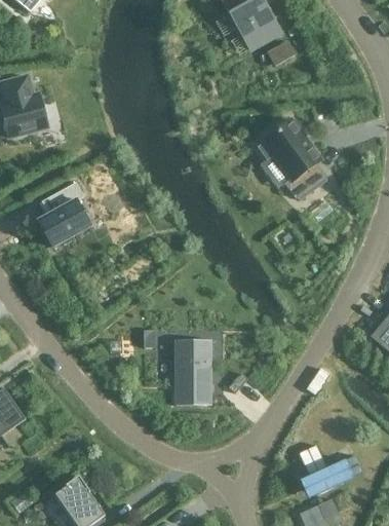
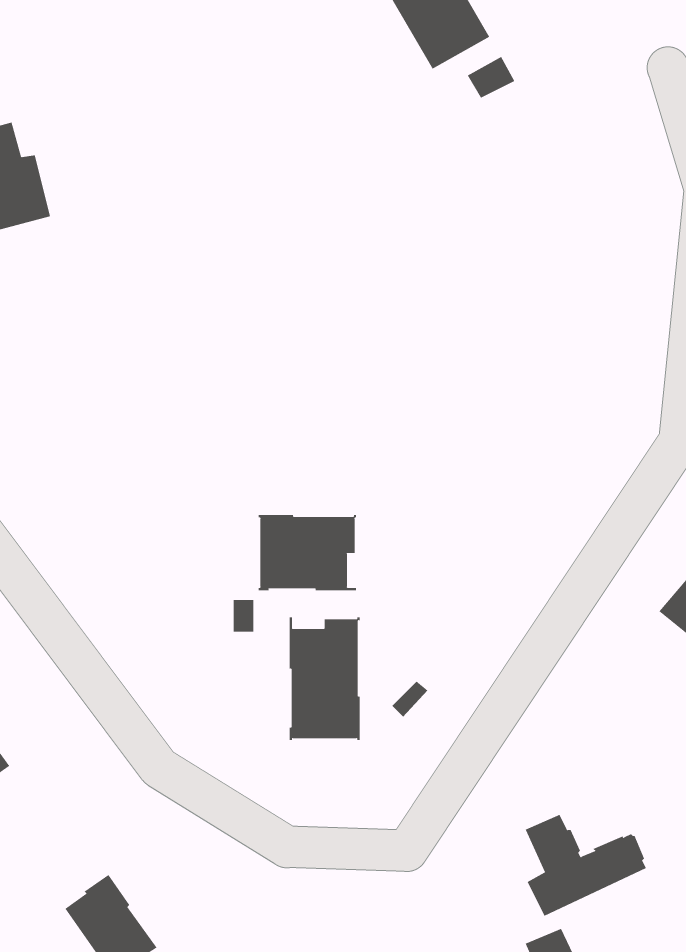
building: [259,119,325,197] -> none
building: [38,182,90,247] -> none
building: none -> [258,514,357,591]

